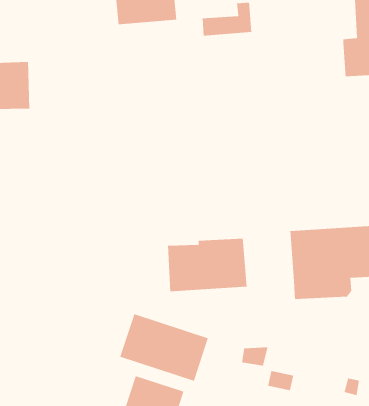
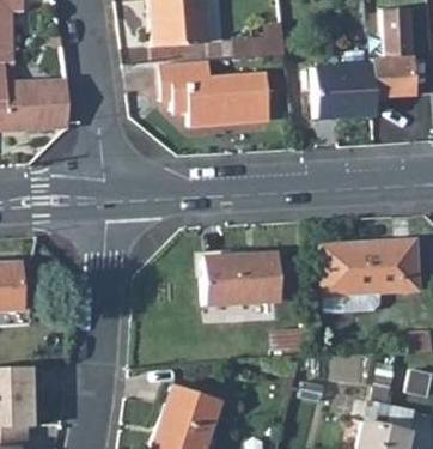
building: none -> [158,60,269,126]
building: none -> [315,63,376,117]
building: [119,313,209,382] -> none

